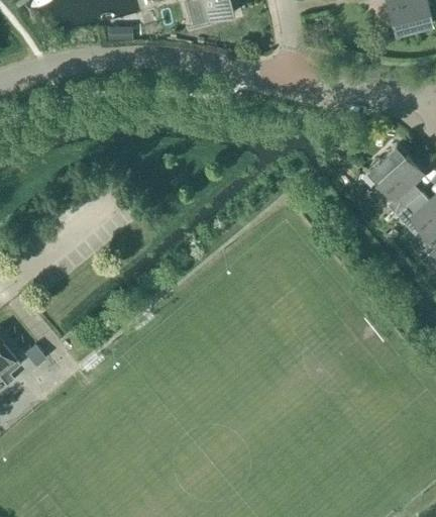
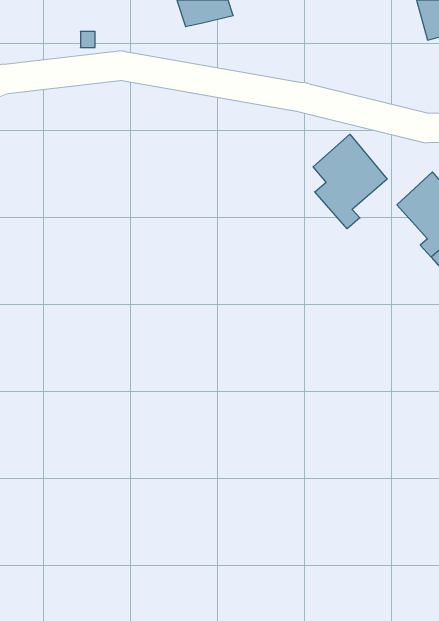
building: none -> [313,134,387,229]

